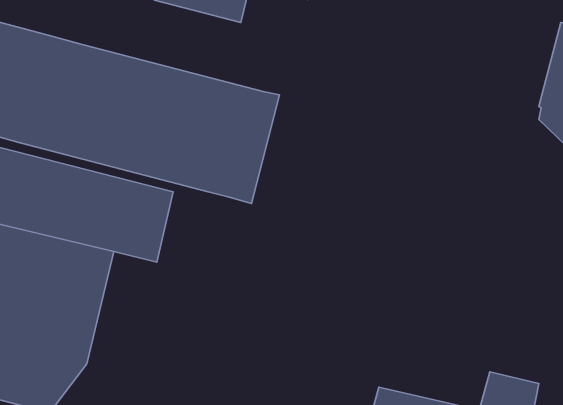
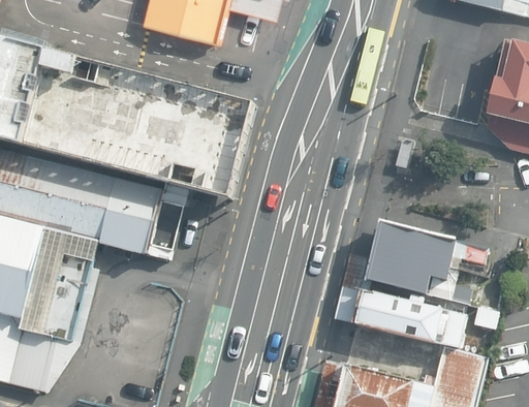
building: none -> [364,221,455,300]
building: none -> [354,288,466,348]

